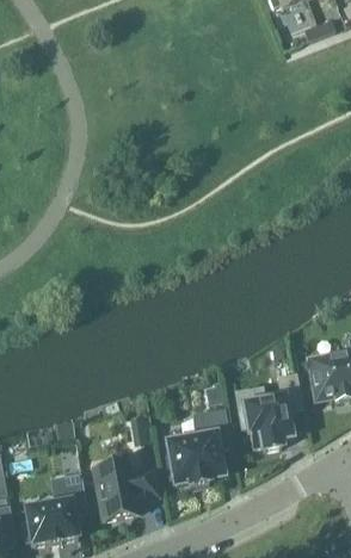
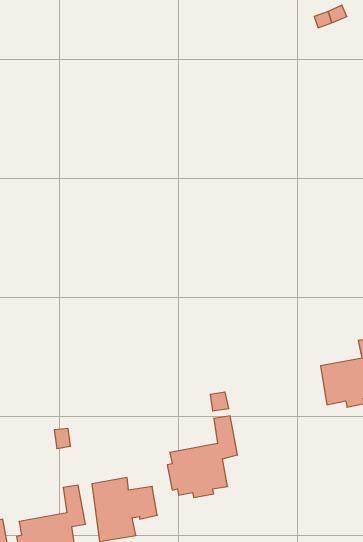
building: [239,373,298,453] -> none

